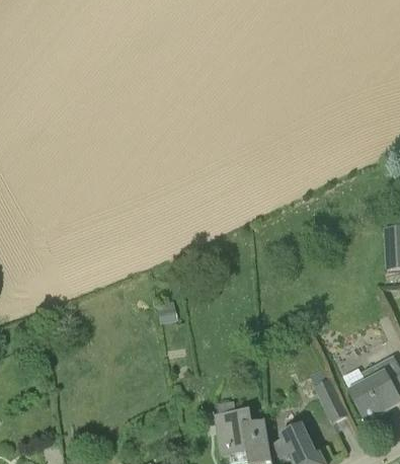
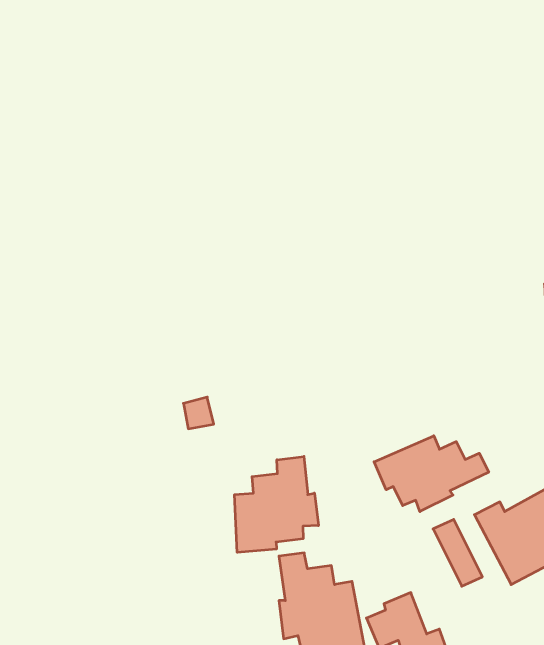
building: none -> [374,436,489,512]
building: none -> [235,456,318,552]

